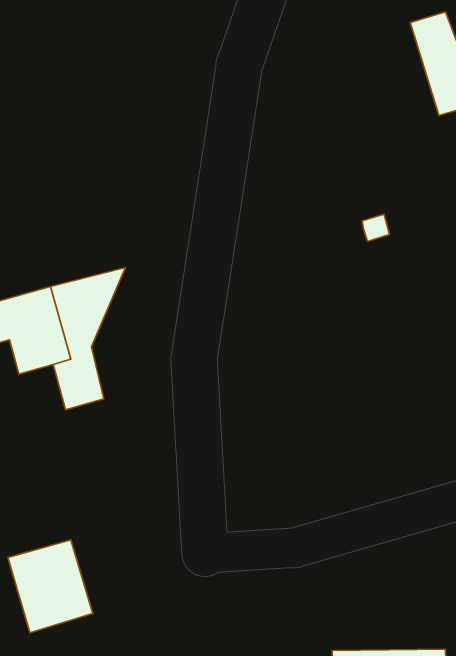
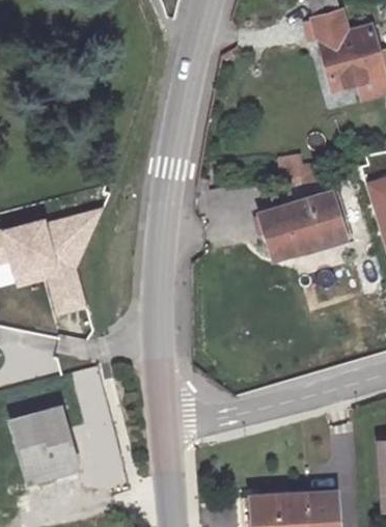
building: none -> [259,192,346,261]

